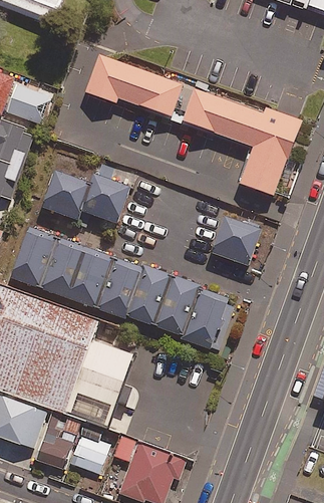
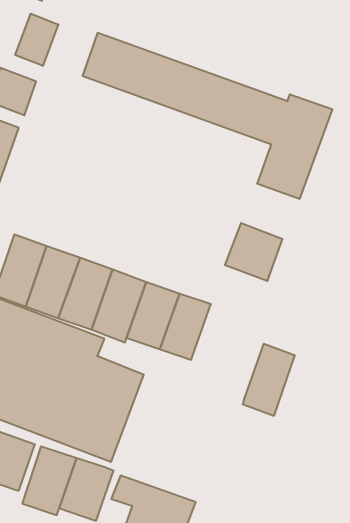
building: none -> [15,14,58,66]
building: [41,163,129,224] -> none
building: [181,287,226,349] -> [243,344,295,416]

